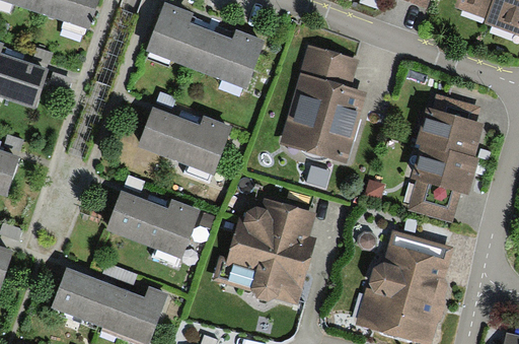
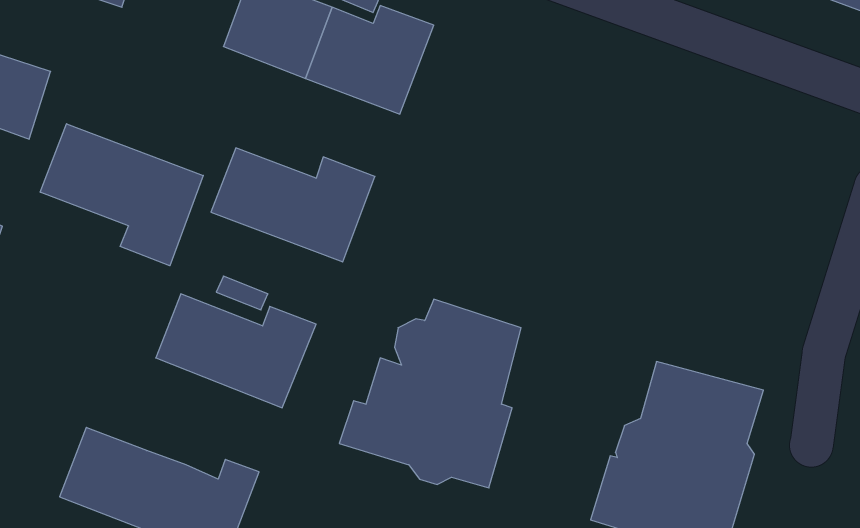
building: [281,45,365,160] -> none
building: [409,92,483,219] -> none
building: none -> [40,124,203,266]

